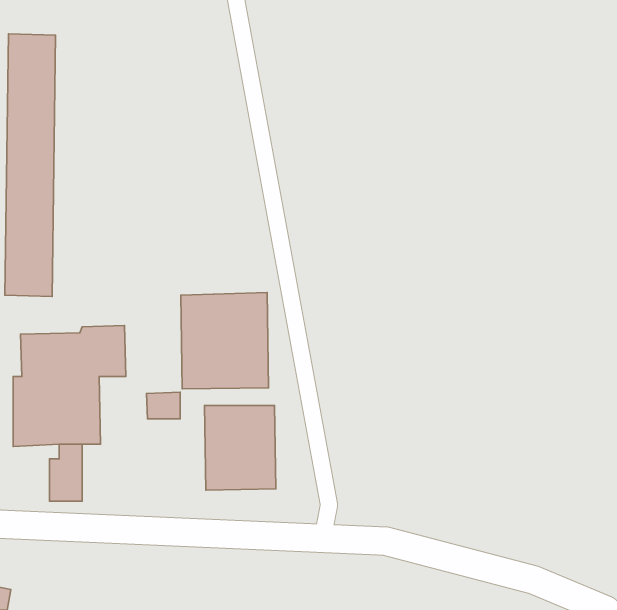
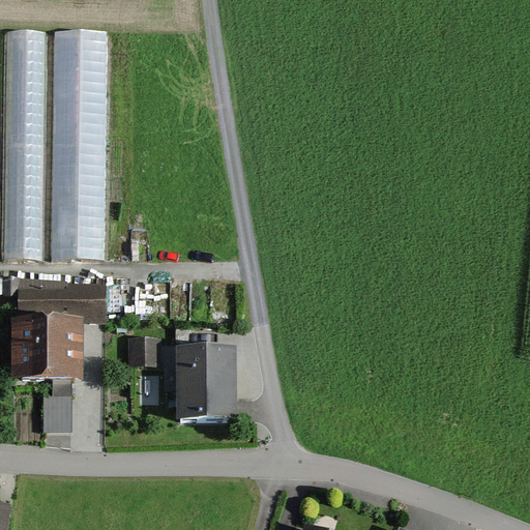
building: none -> [52,29,106,252]
building: [181,293,269,389] -> none

